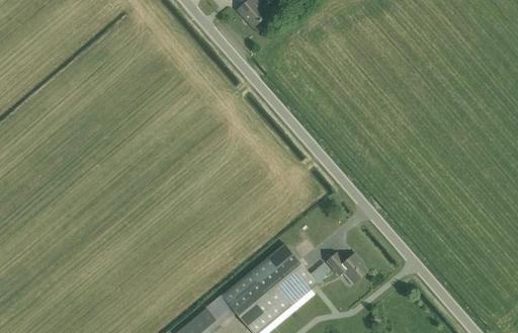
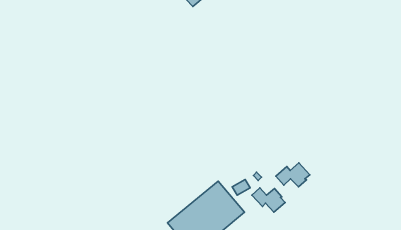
building: none -> [276,163,310,187]

